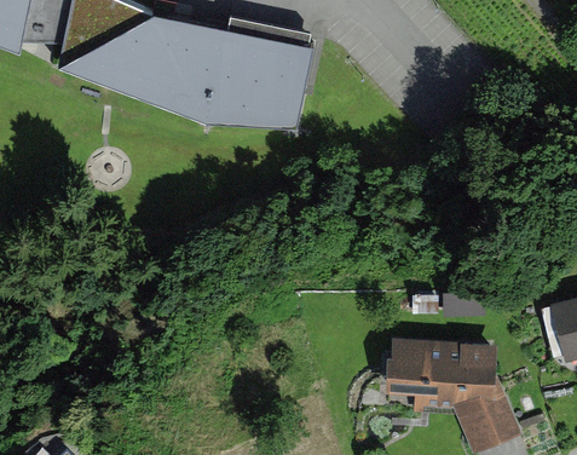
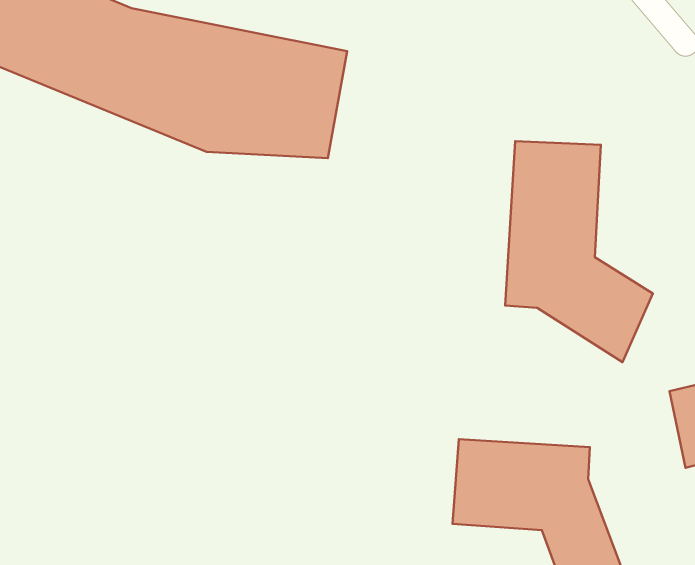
building: none -> [505,141,653,362]

